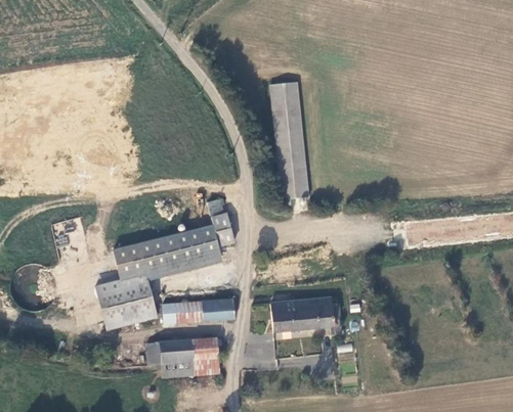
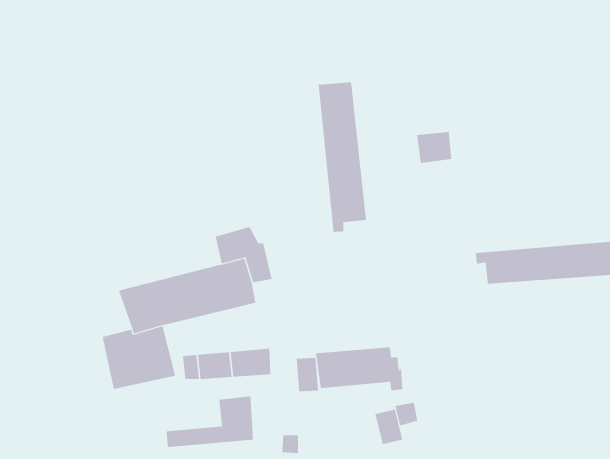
building: none -> [417,131,452,164]
building: none -> [296,357,319,392]
building: [146,339,193,365] -> none
building: none -> [375,409,403,445]

